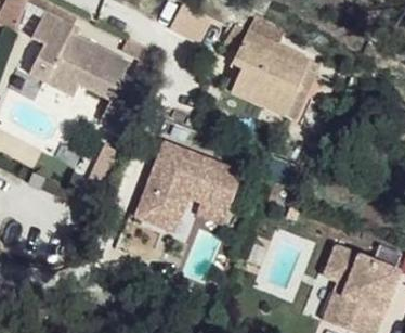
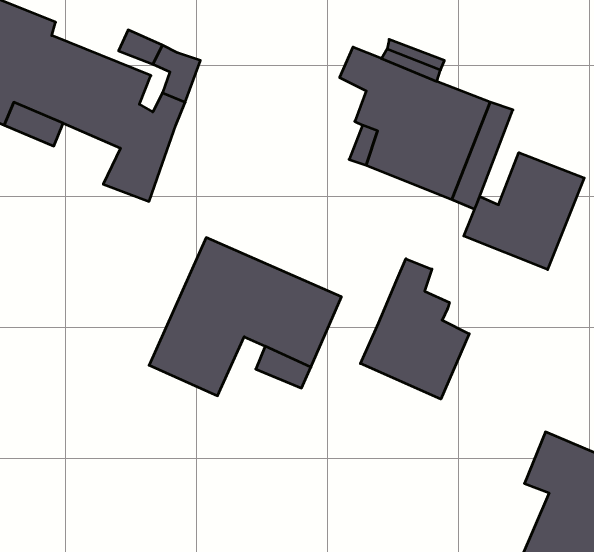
building: none -> [464,153,584,270]
building: none -> [360,259,469,399]

